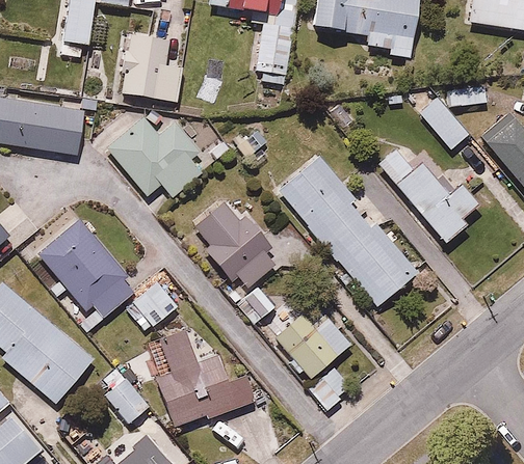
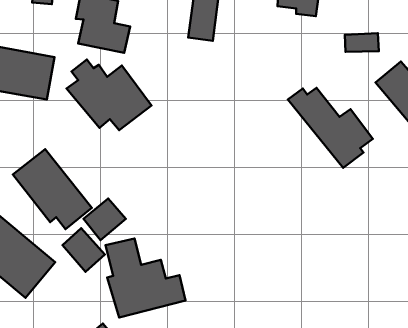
building: [416,94,470,151] -> none
building: [274,156,416,306] -> none
building: [193,199,273,324] -> none
building: [277,310,352,412] -> none
building: [99,372,151,425] -> [62,228,105,272]

